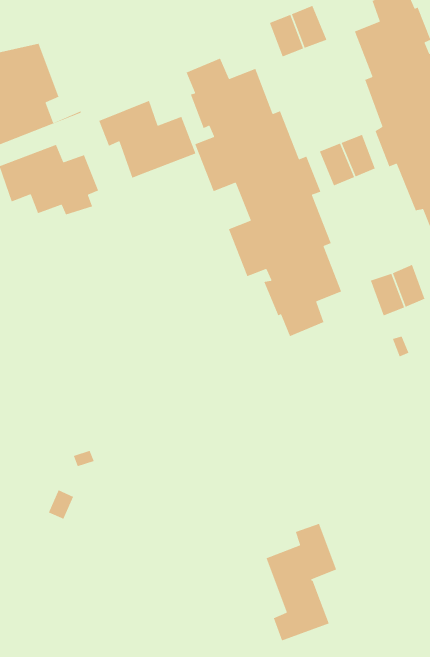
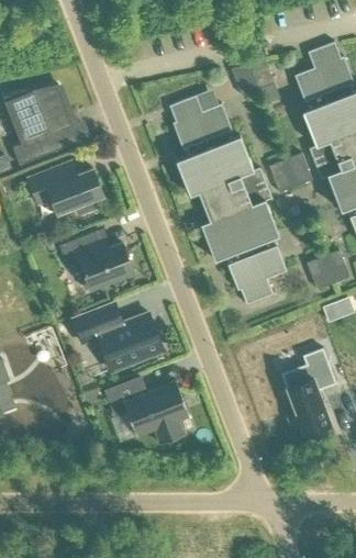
building: [98,100,196,179] -> [59,231,133,290]
building: none -> [73,304,163,370]
building: none -> [104,378,189,445]
building: [265,523,337,641] -> [282,347,336,436]

